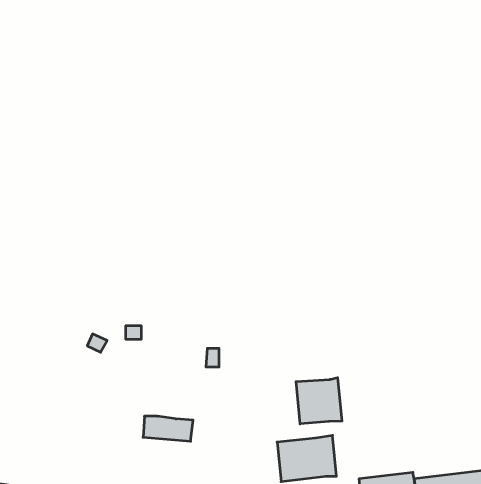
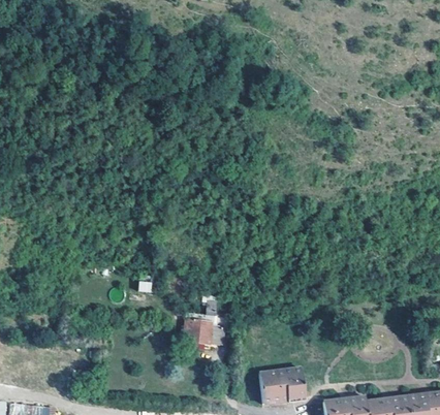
building: [296,378,342,424] -> none
building: [143,416,193,441] -> [182,322,221,342]

